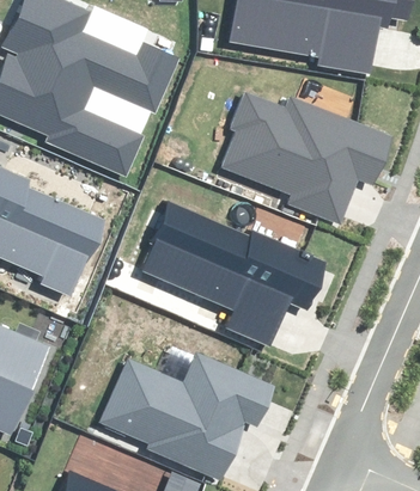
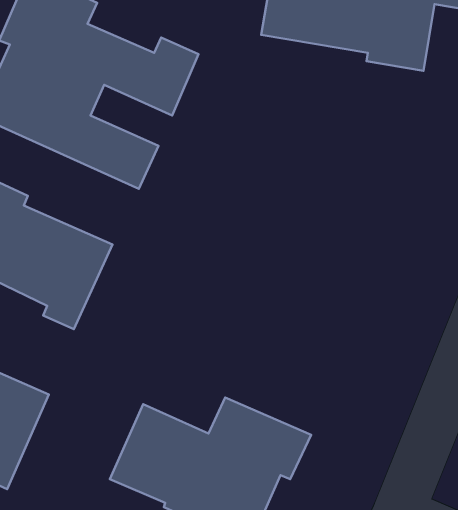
building: [221,94,390,222] -> none
building: [141,204,329,344] -> none

